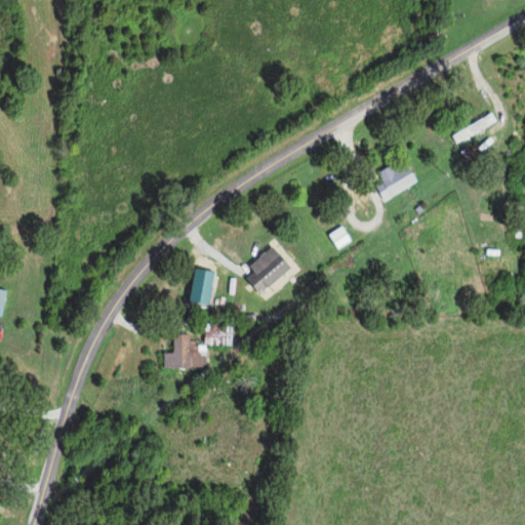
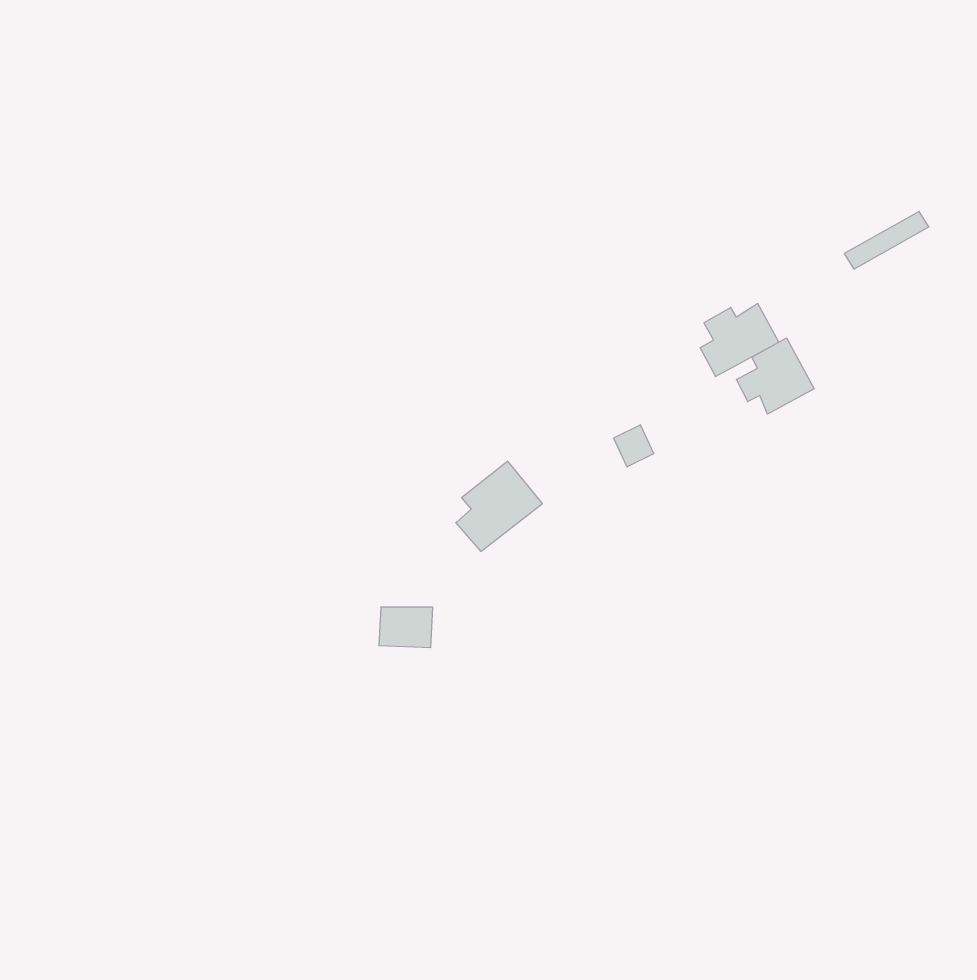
building: none -> [736,338,814,414]
building: [189,269,215,306] -> none
building: [165,334,208,369] -> none

